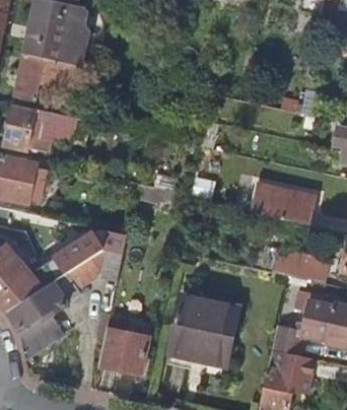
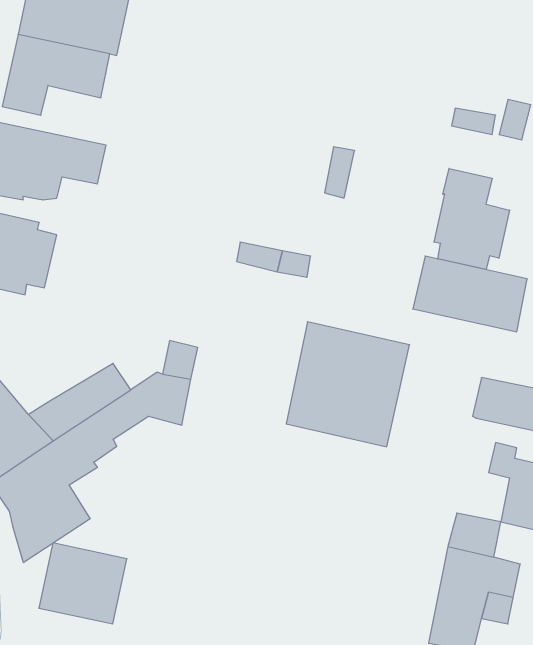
building: none -> [434,168,510,269]
building: [168,294,239,366] -> [286,322,410,447]
building: [99,327,150,373] -> [39,543,127,624]

